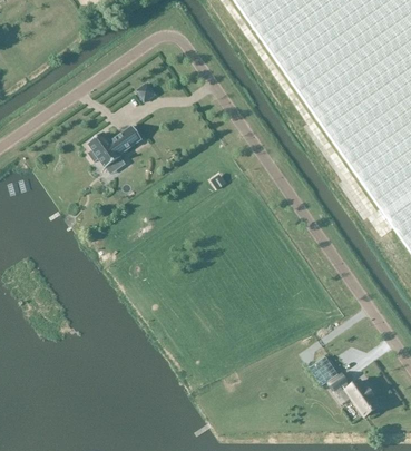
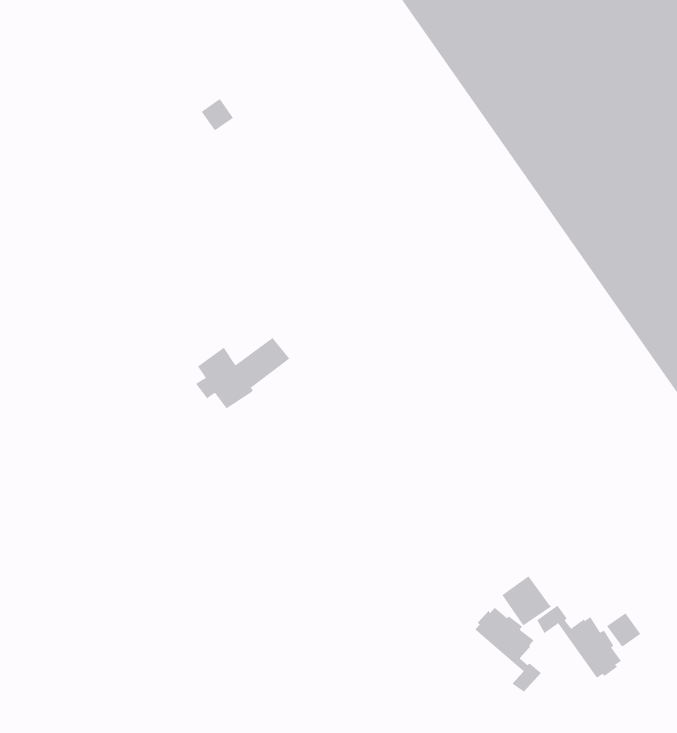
building: [87,125,141,166] -> [195,337,290,409]
building: none -> [474,607,542,692]

